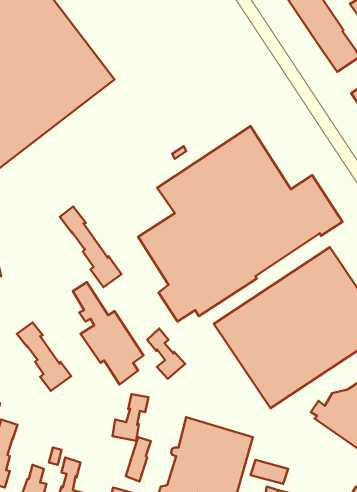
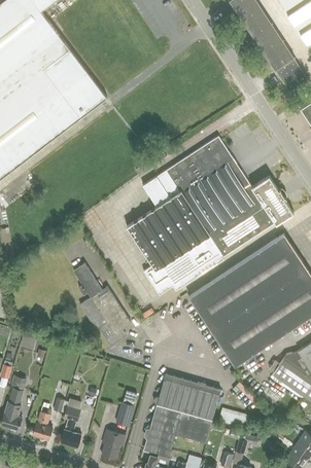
building: [60,206,121,287] -> none
building: [17,322,71,391] -> none
building: [147,329,185,379] -> none
building: [113,394,149,441] -> none

